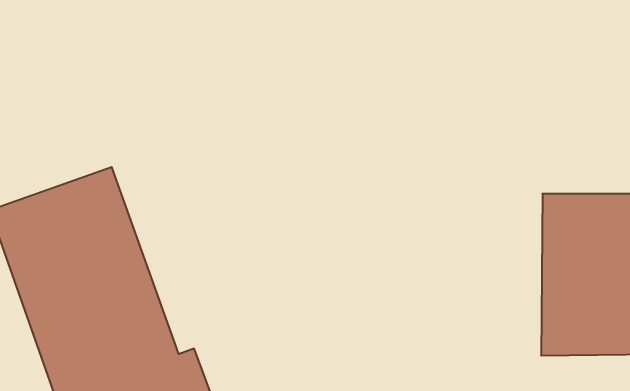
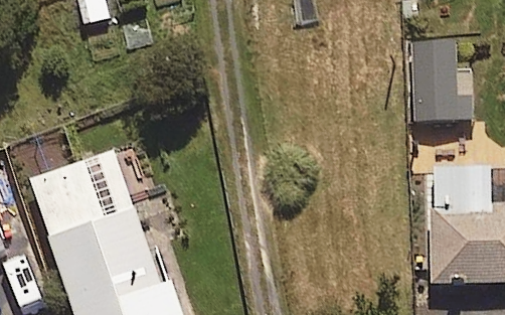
building: none -> [397,39,468,146]

